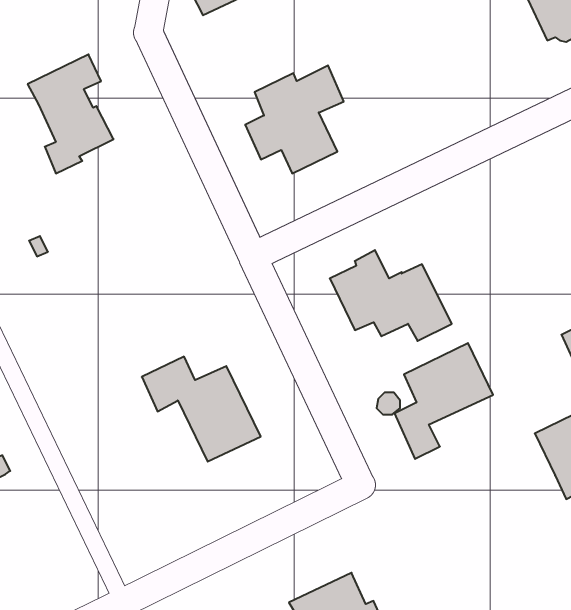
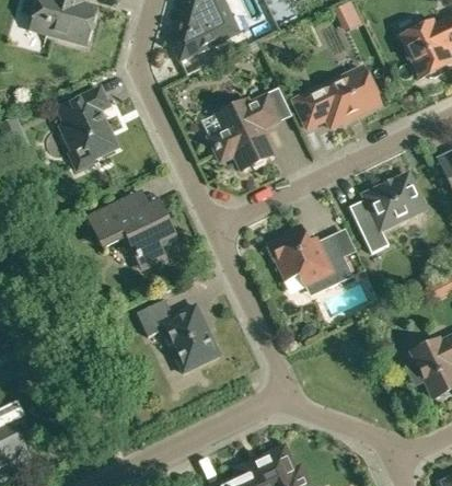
building: none -> [293,67,380,127]
building: none -> [89,198,174,268]
building: [395,343,493,459] -> [357,172,426,253]

